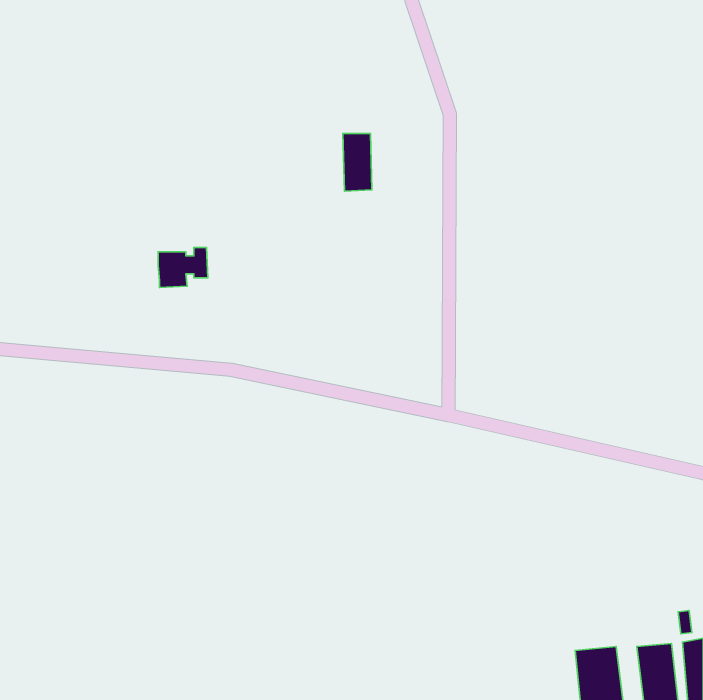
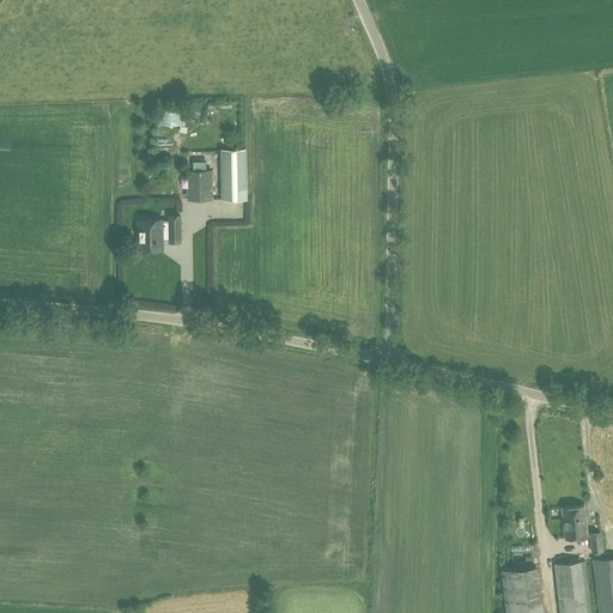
building: [343,133,372,191] -> [221,151,247,201]
building: none -> [188,172,212,201]
building: none -> [563,508,587,540]

